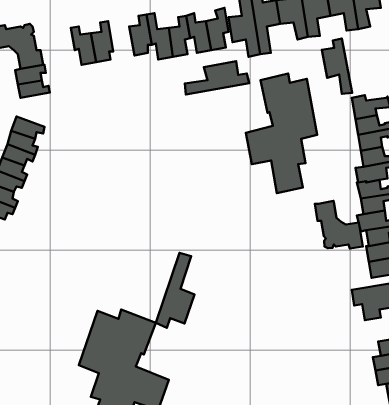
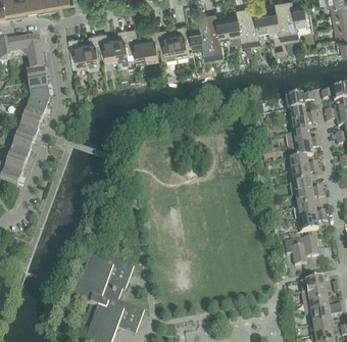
building: none -> [97,31,117,60]
building: [322,38,352,94] -> none
building: [185,61,249,95] -> none
building: [246,73,317,193] -> none
building: none -> [27,87,53,113]
building: [315,201,363,249] -> none
building: [156,253,195,328] -> none

